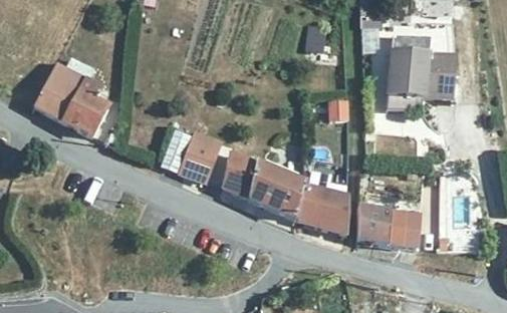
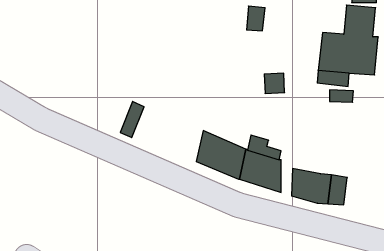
building: [33,63,108,136] -> none
building: [179,130,222,184] -> none
building: [223,153,256,198] -> none

